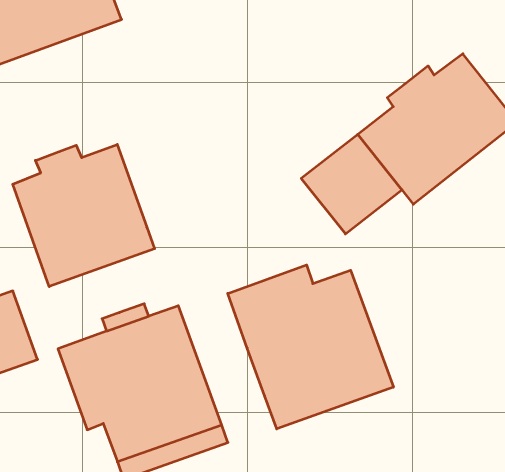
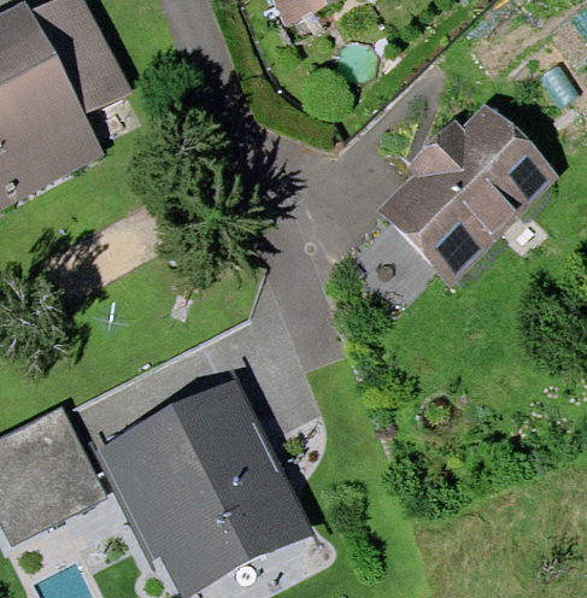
building: [13,144,155,287] -> none
building: [228,265,393,429] -> none

